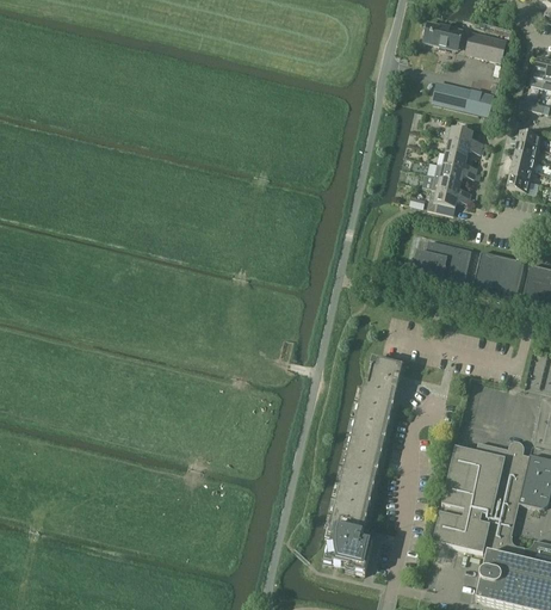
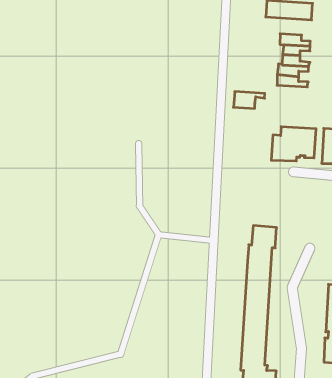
building: [428,189,470,214] -> [233,92,265,108]

